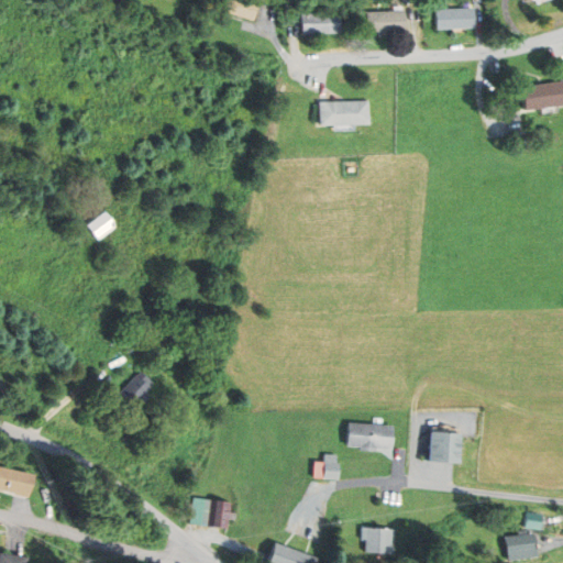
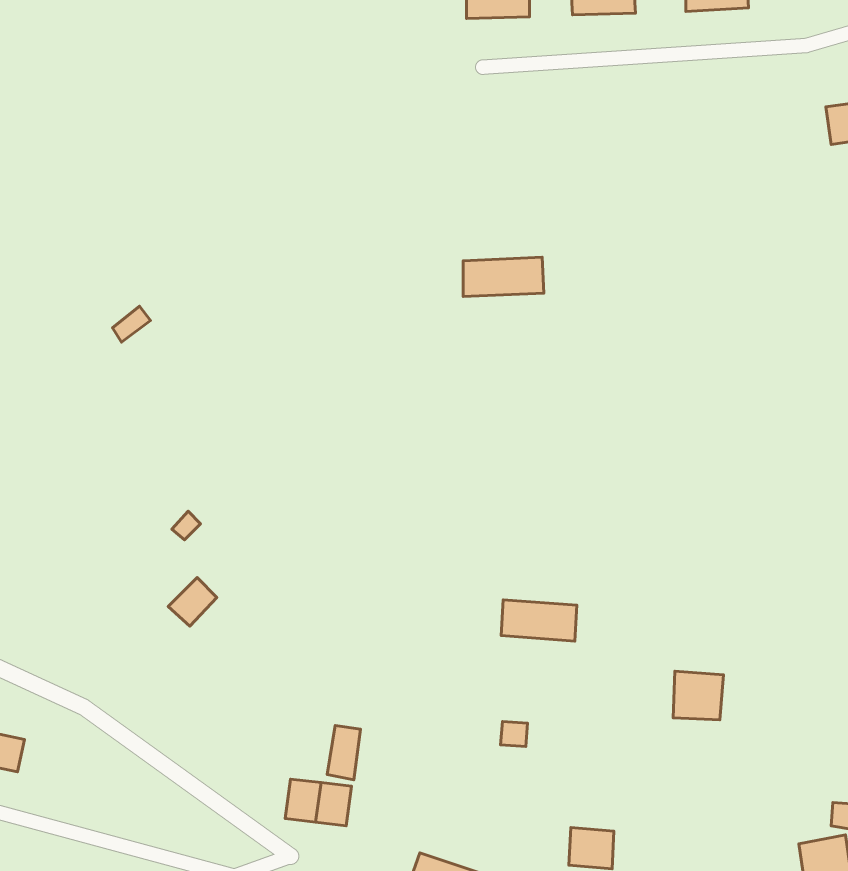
building: [319,100,368,124] -> [463,257,544,297]
building: [347,422,394,448] -> [501,600,577,641]
building: none -> [327,726,361,780]

